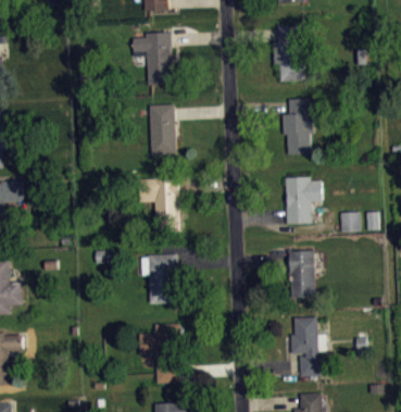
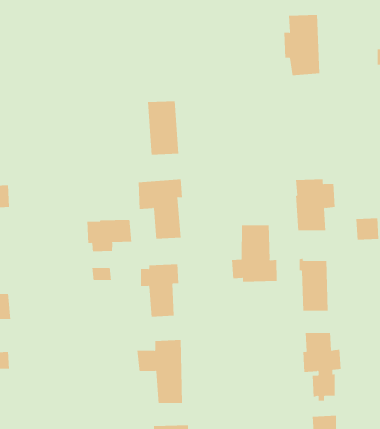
building: [131,30,174,85] -> none
building: [283,98,312,153] -> none
building: none -> [87,219,132,252]
building: none -> [231,224,277,282]

